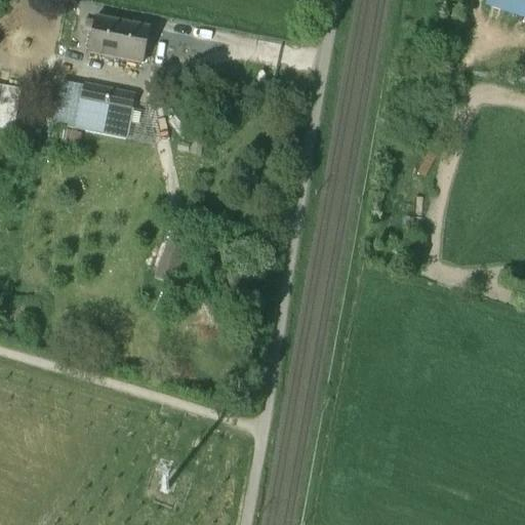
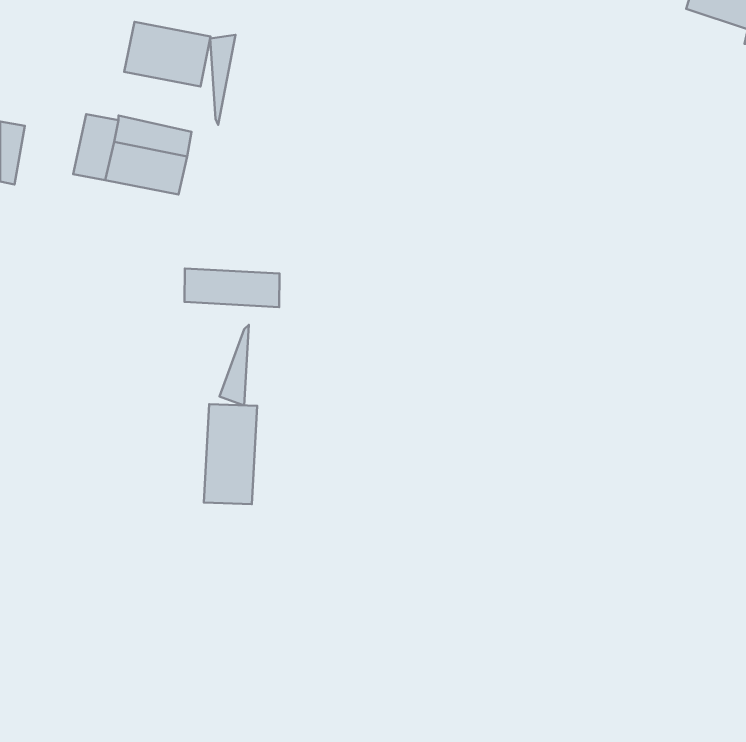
building: none -> [210,35,236,125]
building: none -> [184,268,280,307]
building: none -> [204,404,257,504]

